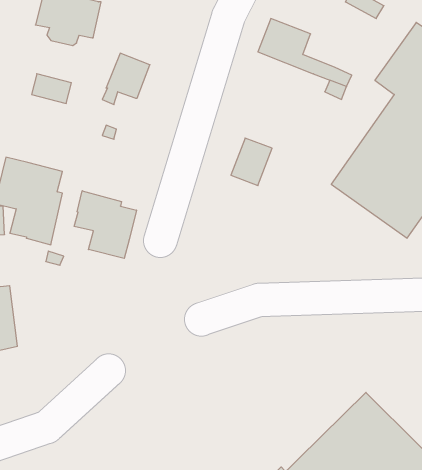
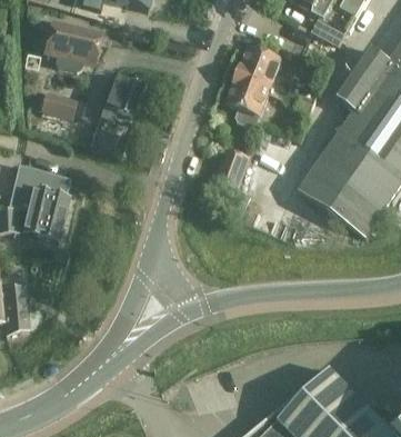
building: none -> [227,72,284,125]
building: [74,191,136,258] -> none

